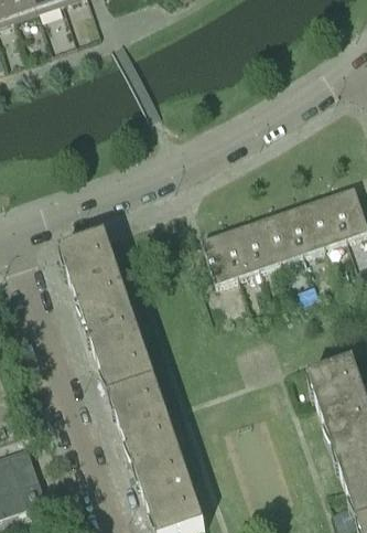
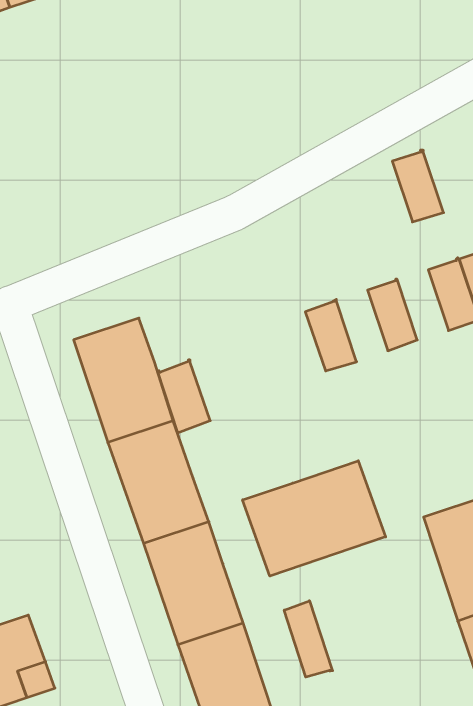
building: [290,201,326,252] -> [392,150,444,222]
building: [247,215,283,267] -> none
building: [202,231,239,283] -> [157,360,210,433]
building: none -> [243,461,386,576]
building: none -> [284,601,333,677]

